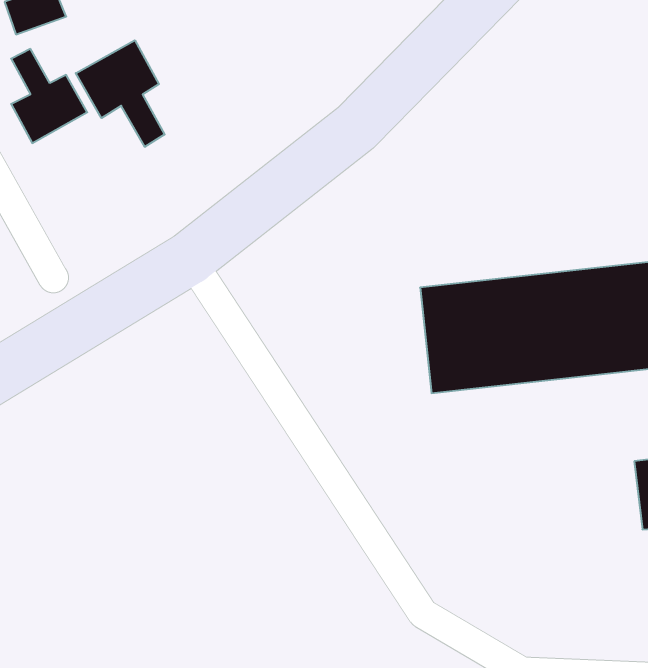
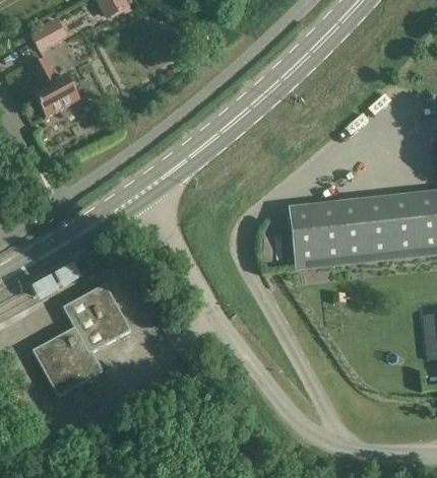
building: [76,40,165,147] -> none
building: none -> [33,282,131,395]

